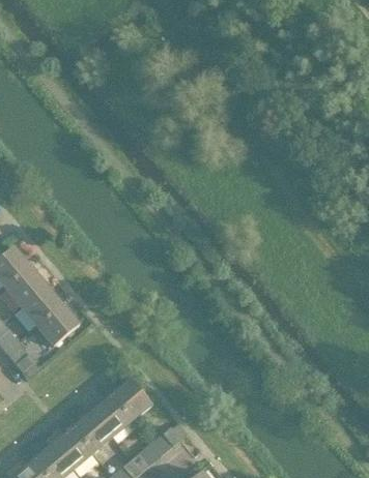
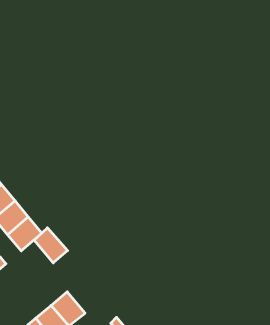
building: none -> [34,228,68,263]
building: [109,380,150,422] -> none

